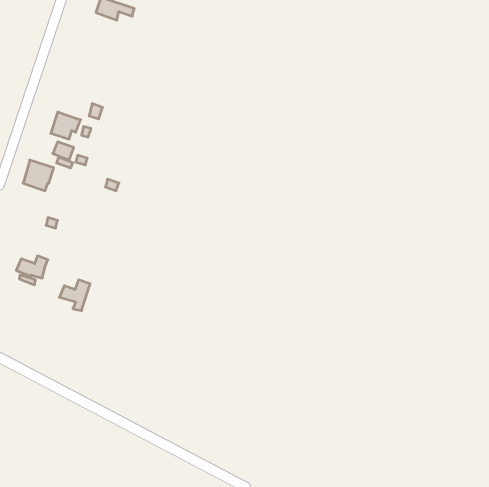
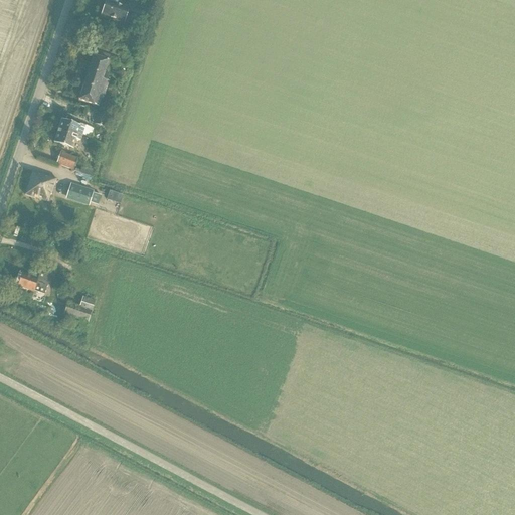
building: none -> [77,53,109,104]
building: none -> [65,180,94,203]

